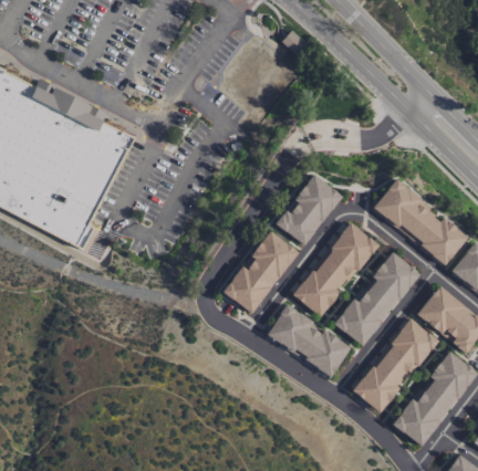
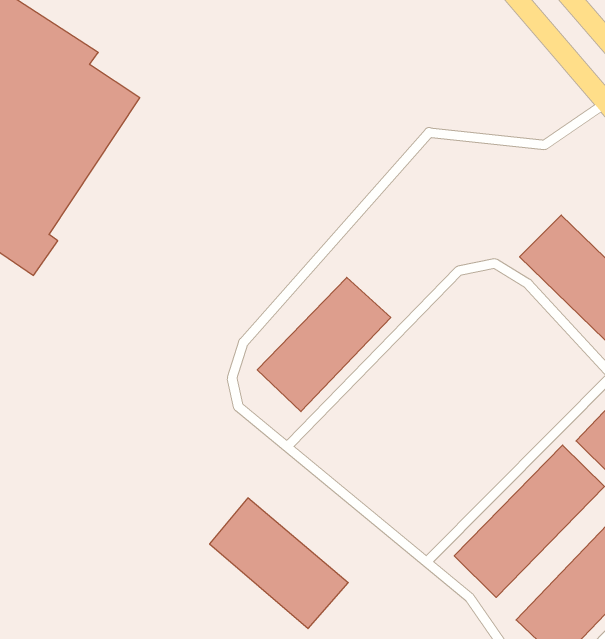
building: [276,175,343,247] -> none
building: [292,222,377,317] -> none
building: [334,251,420,346] -> none
building: [266,303,351,377] -> [210,498,348,629]

